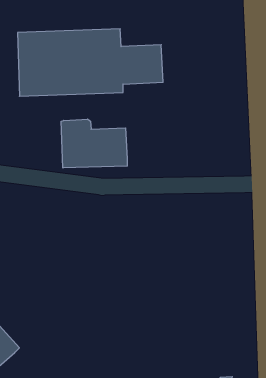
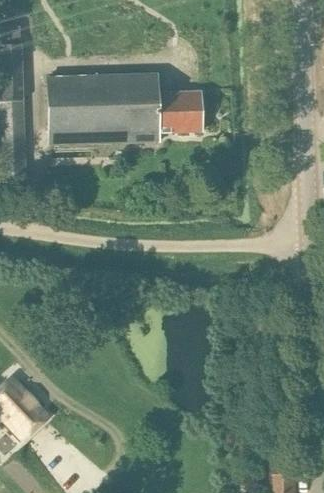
building: [61,119,127,168] -> none

